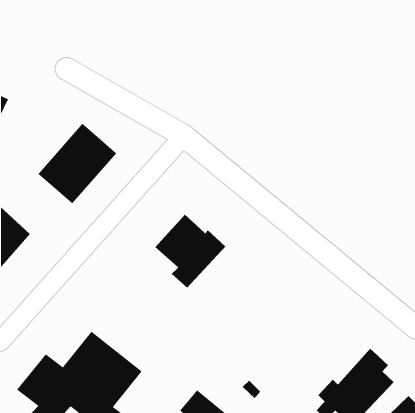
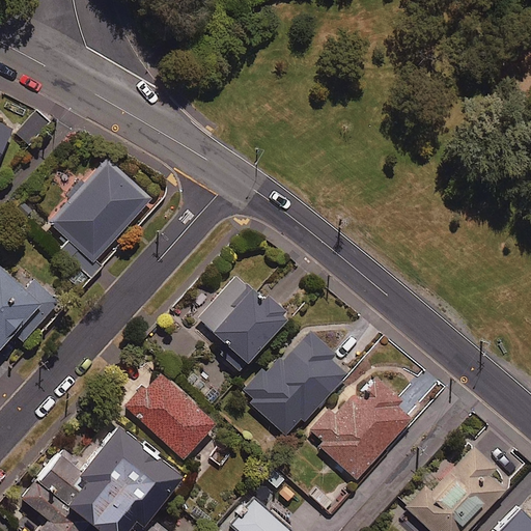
building: none -> [239,326,350,440]
building: none -> [128,371,216,459]
building: none -> [306,375,413,481]

